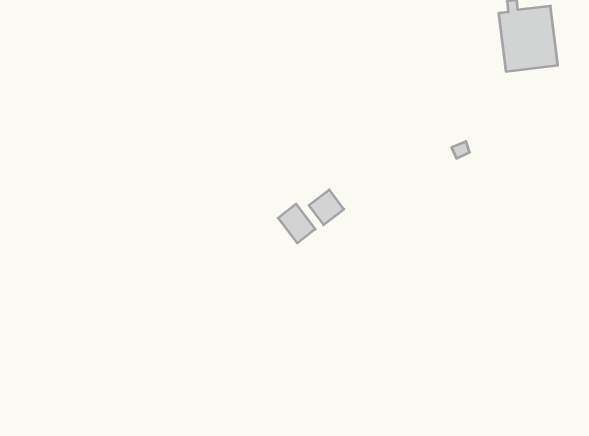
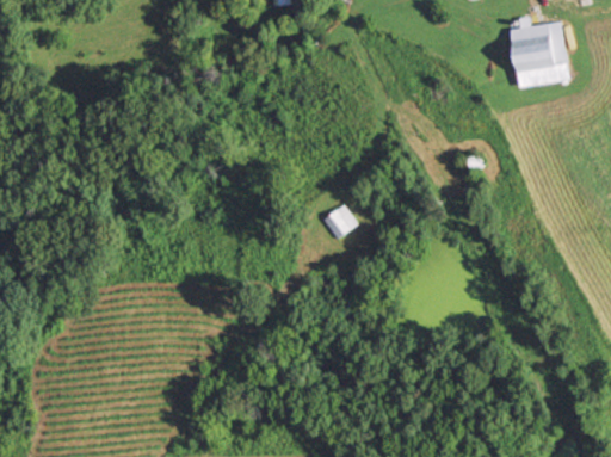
building: [278,204,315,243] -> none

